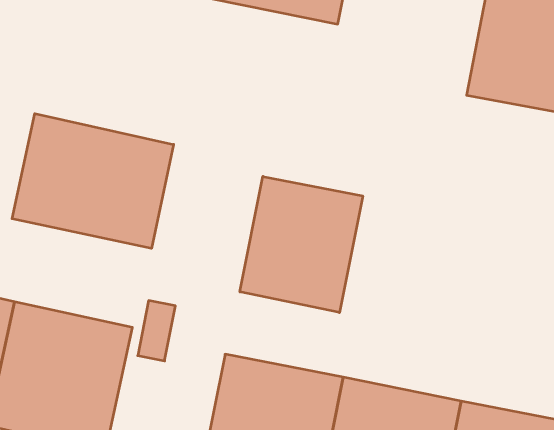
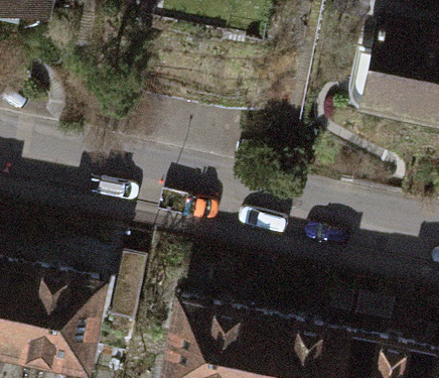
building: [12,114,174,248] -> none
building: [240,176,363,313] -> none

